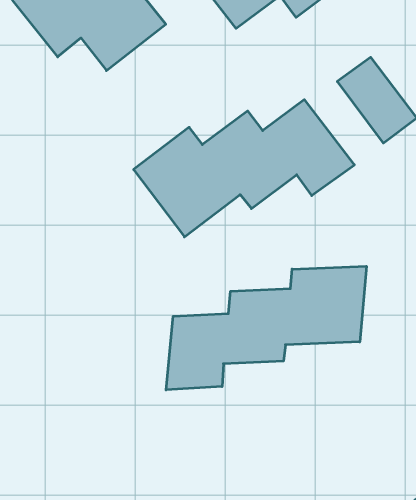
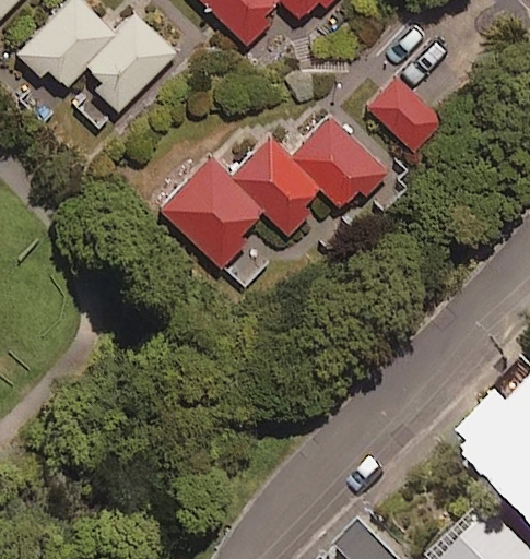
building: [166,266,366,390] -> none

